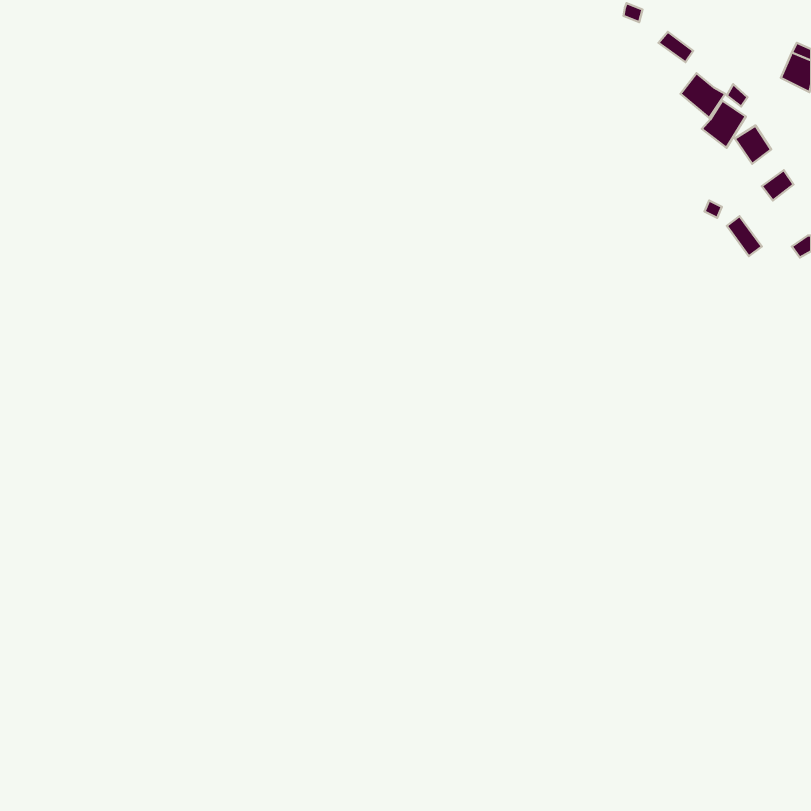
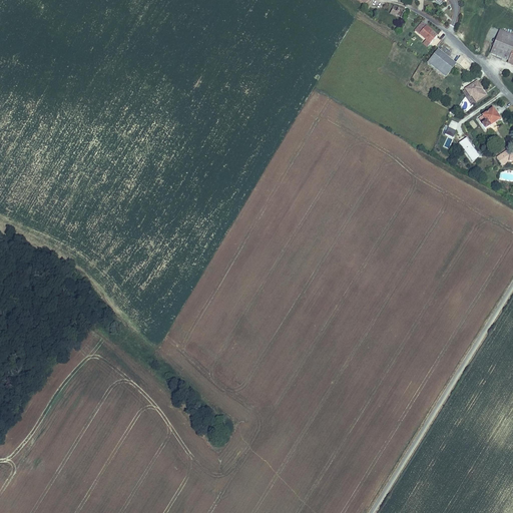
building: [702,101,746,148] -> none

